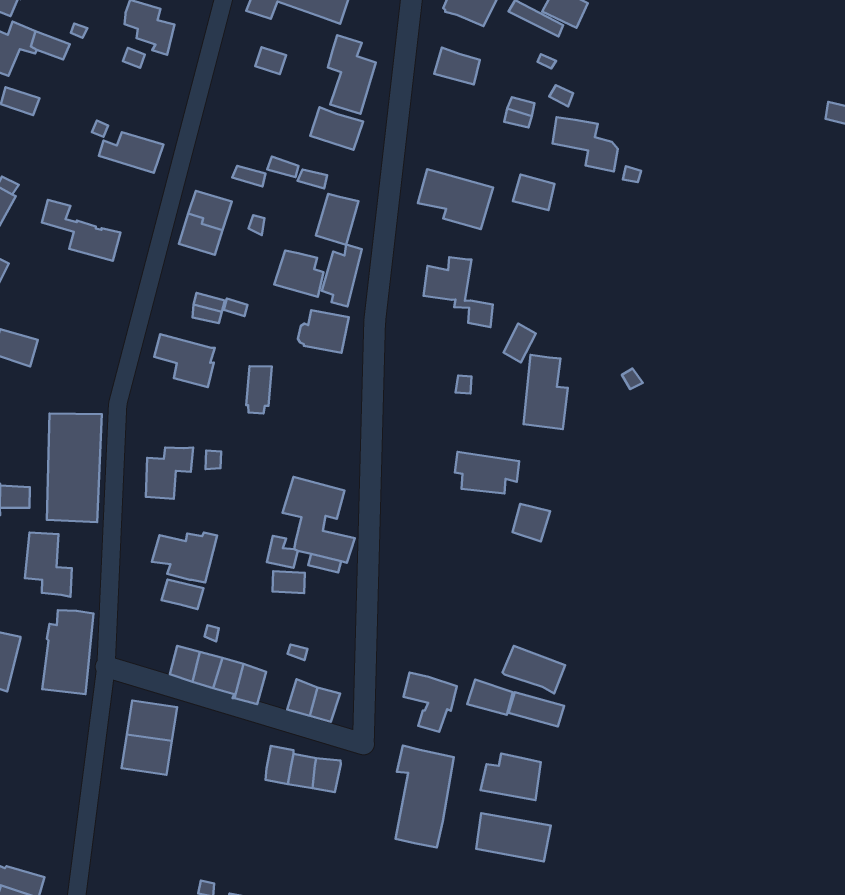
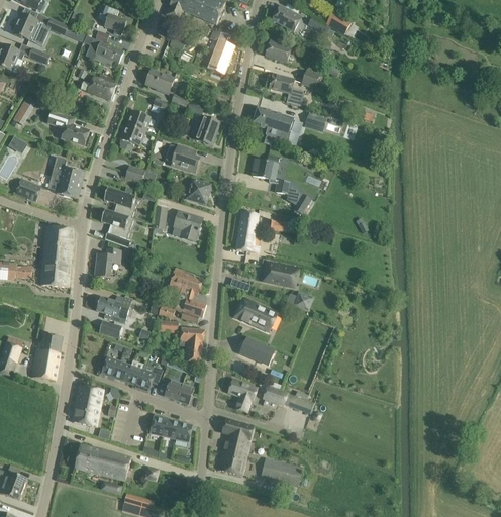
building: none -> [83,34,123,63]
building: [310,107,363,150] -> [144,69,174,93]
building: [553,117,618,171] -> [269,74,304,105]
building: [322,245,362,306] -> none
building: none -> [56,166,84,198]
building: [524,355,568,429] -> [235,211,261,252]
building: none -> [173,211,201,241]
building: none -> [99,208,133,247]
building: none -> [234,297,278,331]
building: [25,532,72,597] -> none
building: none -> [179,326,204,363]
building: [503,646,565,694] -> [238,337,273,365]
building: [481,753,541,800] -> none
building: none -> [74,444,130,481]

